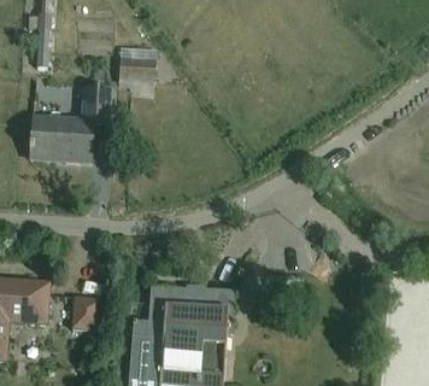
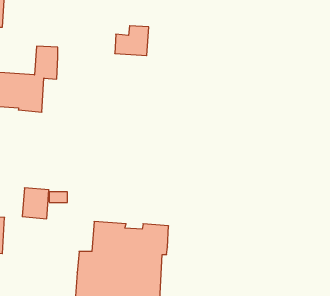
building: [117,47,155,81] -> [115,26,149,56]
building: [70,294,100,329] -> [22,188,49,219]

